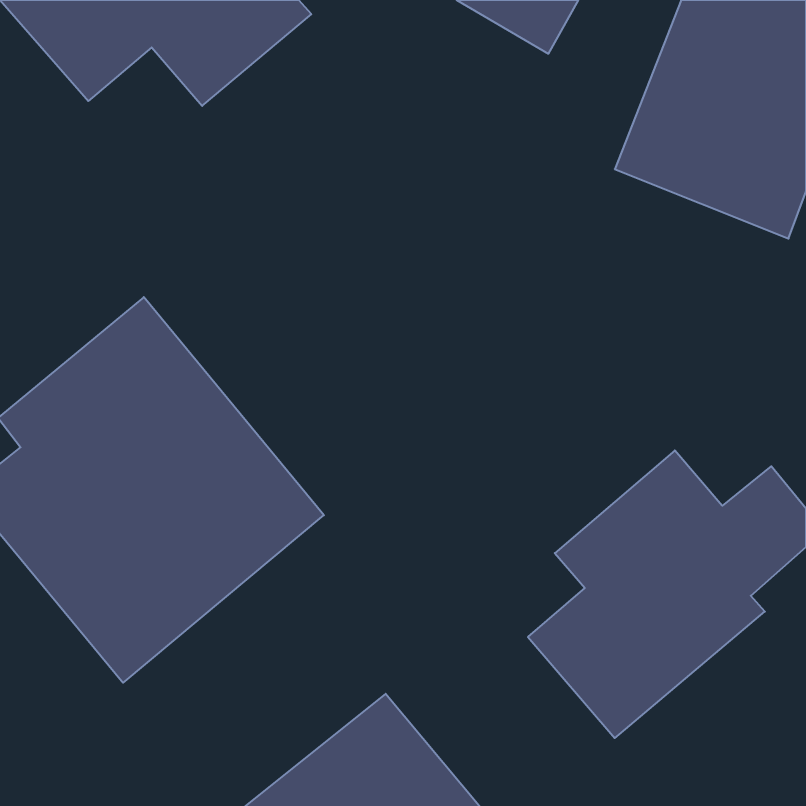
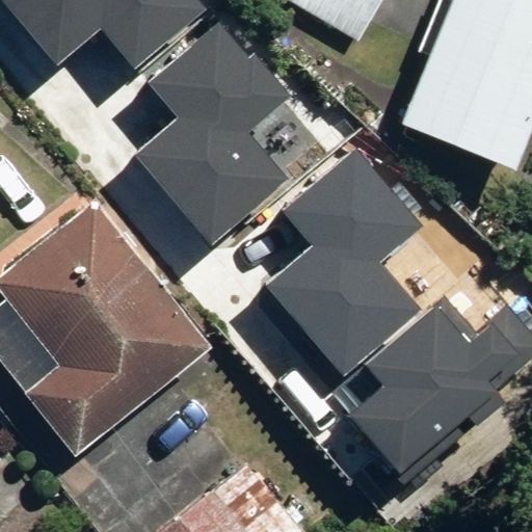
building: none -> [133,23,290,246]
building: none -> [265,151,422,378]

